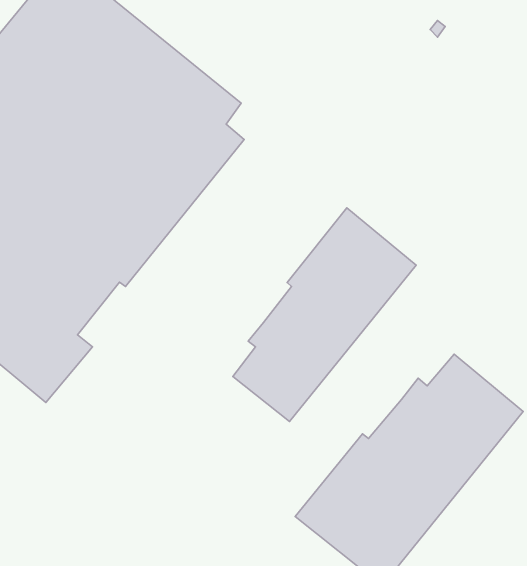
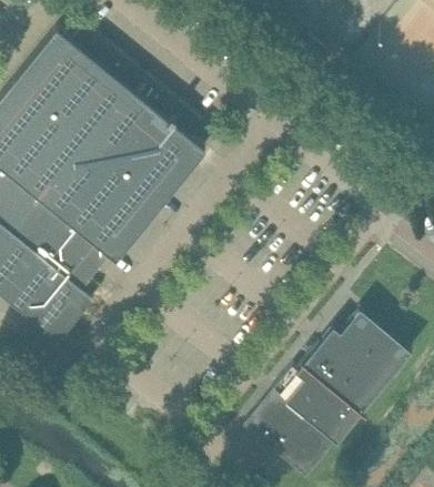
building: [233,208,416,422] -> none

